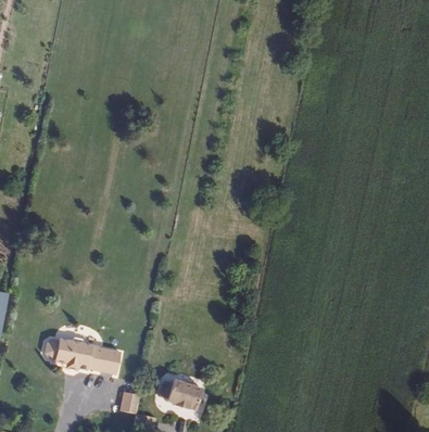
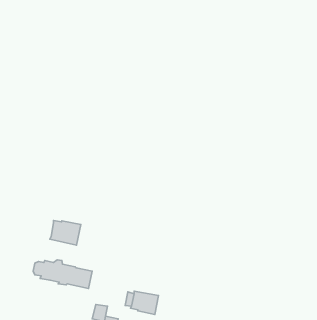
building: none -> [50,221,81,245]

